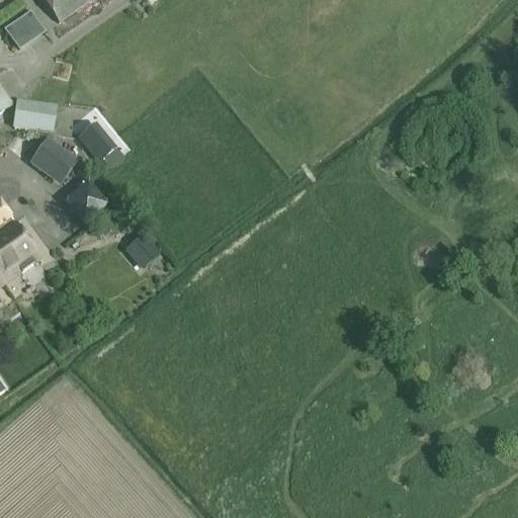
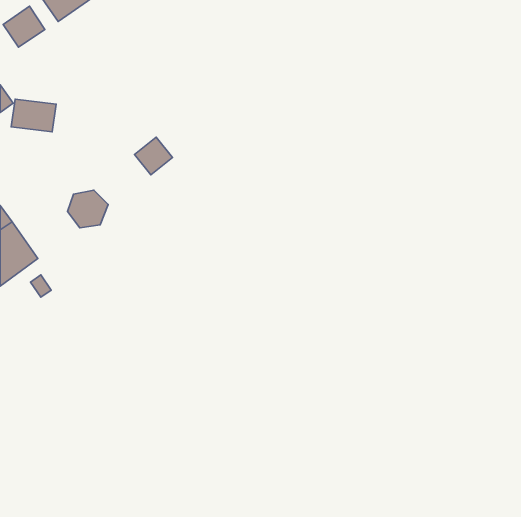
building: [80,123,117,161] -> [135,137,172,175]
building: [31,139,77,183] -> none
building: [125,233,161,268] -> none

